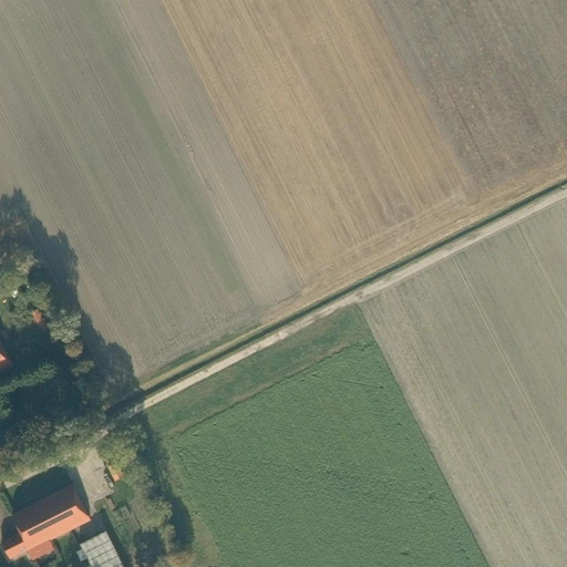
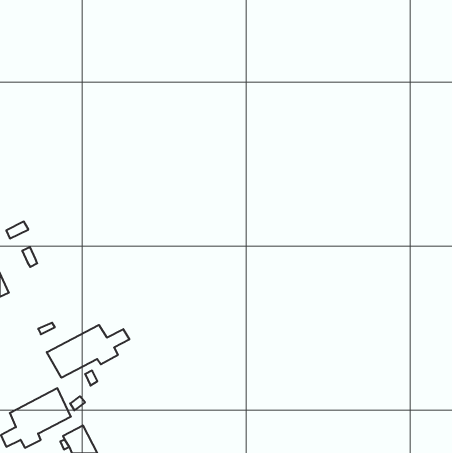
building: none -> [47,325,129,378]

